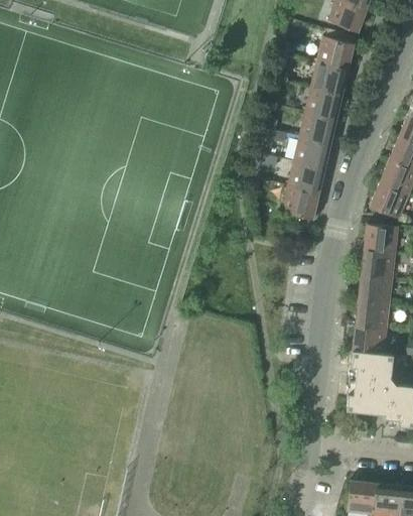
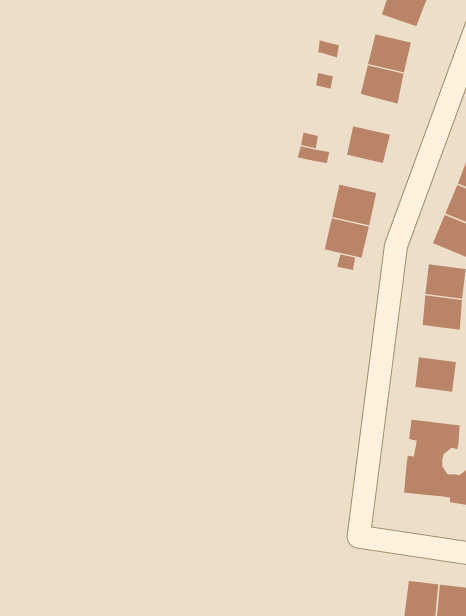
building: [305,87,342,119] -> none
building: [294,136,330,166] -> none
building: [359,274,393,303] -> none
building: [353,325,387,354] -> none

